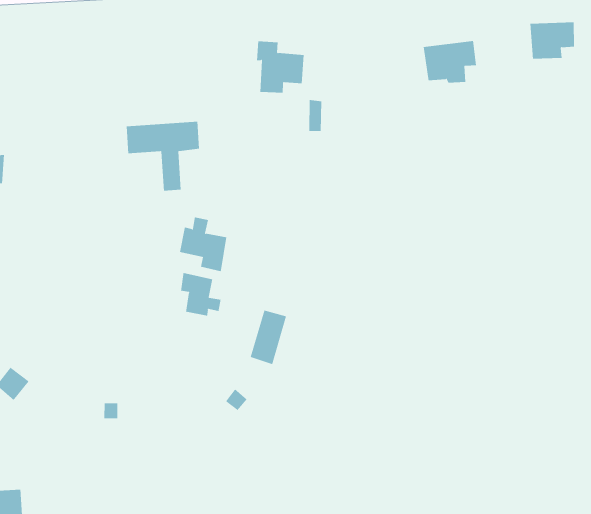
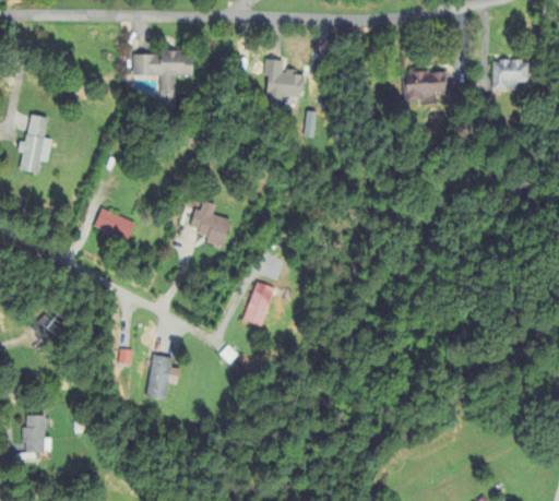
building: [126,121,200,191] -> [133,51,193,107]
building: none -> [94,207,136,246]
building: [180,272,221,317] -> none
building: none -> [147,355,179,398]

